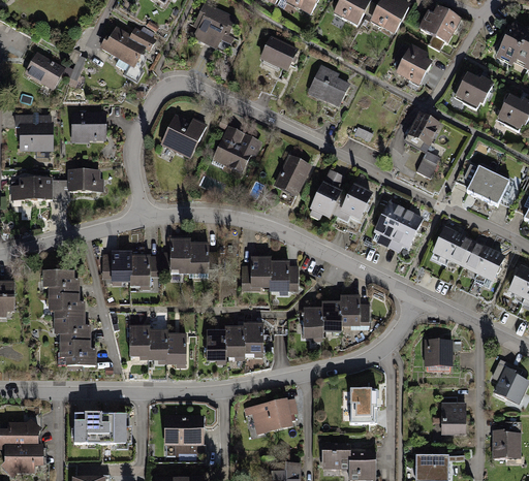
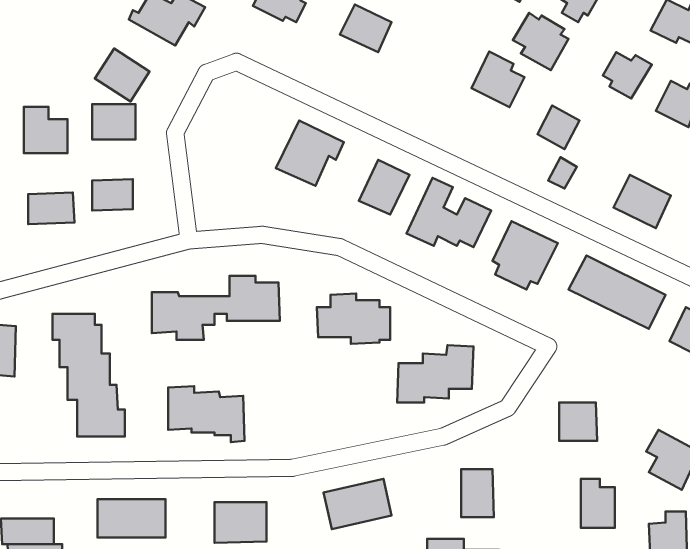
building: [24,49,65,89] -> [95,48,149,102]
building: [308,63,348,105] -> [471,51,525,107]
building: [159,114,206,158] -> none
building: [205,320,263,360] -> none

